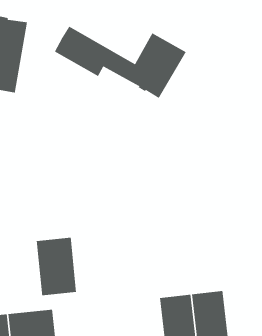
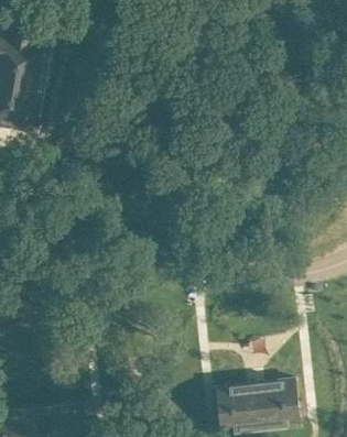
building: [54,26,186,99] -> none
building: [36,237,77,296] -> none

